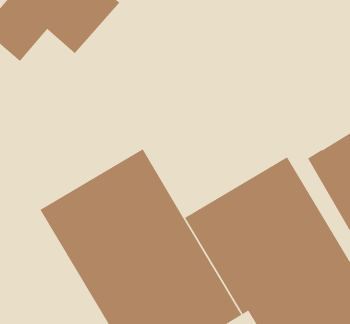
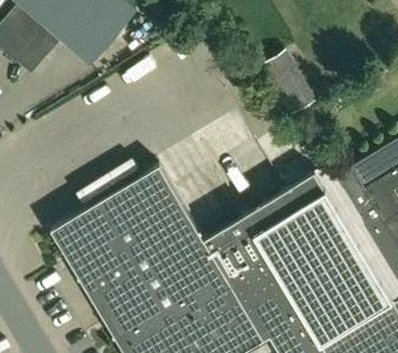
building: none -> [256,50,316,115]

